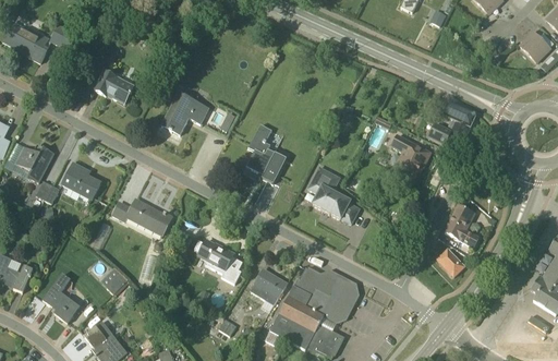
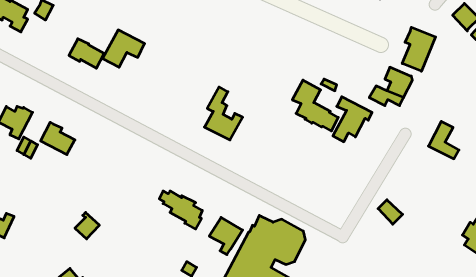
building: none -> [402,27,436,71]
building: [161,92,208,133] -> [102,30,145,67]
building: [307,166,359,222] -> [292,80,338,131]
building: [112,197,171,234] -> none
building: [445,204,478,245] -> [428,121,459,159]
building: [43,273,80,322] -> none

